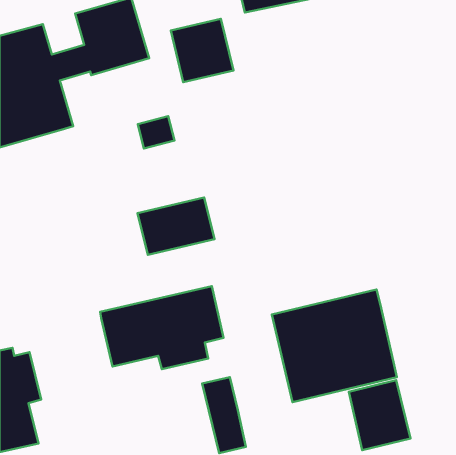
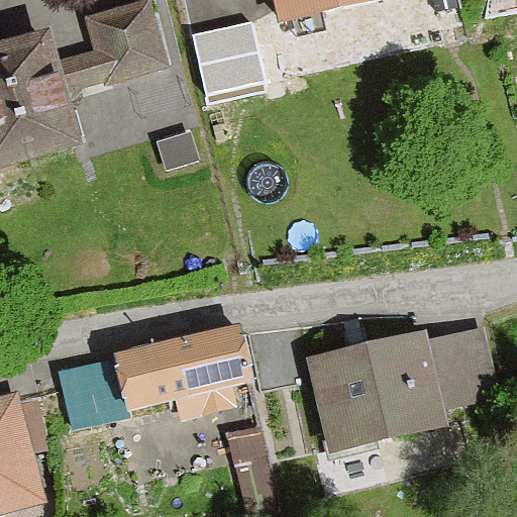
building: [137,198,215,255] -> none
building: none -> [59,359,127,426]
building: [349,380,410,450] -> [429,330,499,409]

